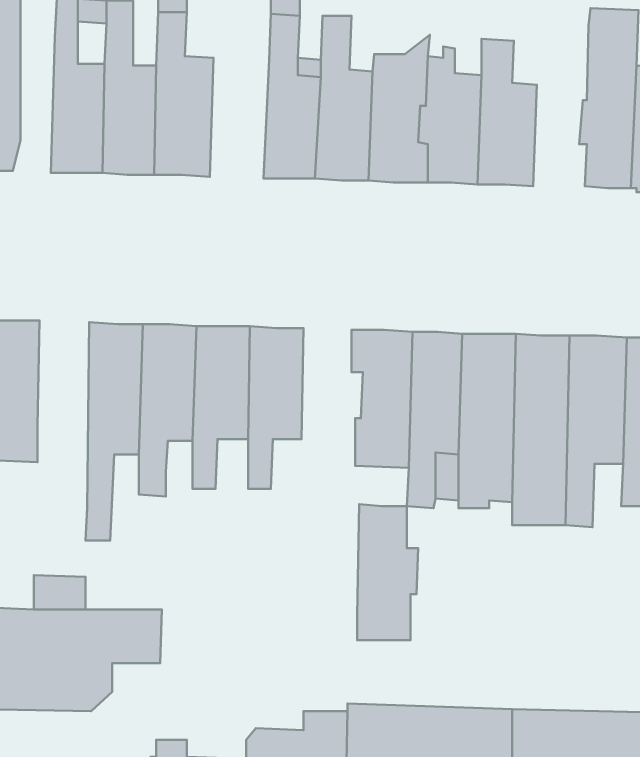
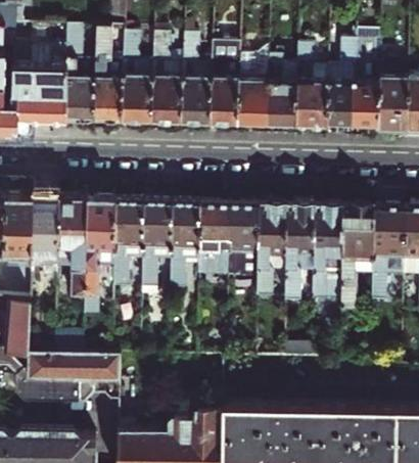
building: none -> [151,37,183,125]
building: none -> [46,41,68,122]
building: none -> [324,42,354,129]
building: none -> [59,200,87,300]
building: [357,504,418,640] -> [200,204,233,277]

